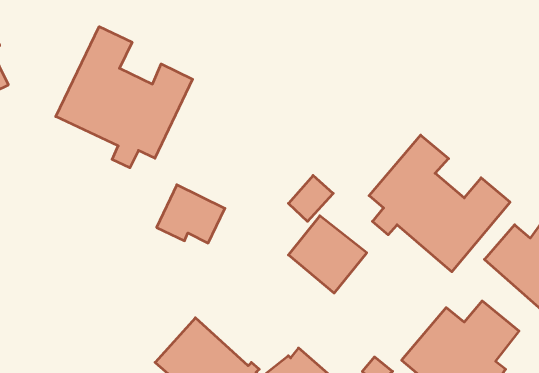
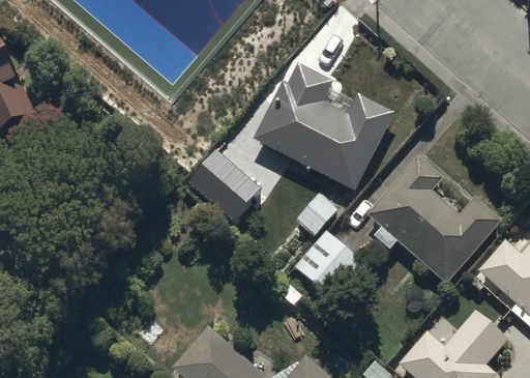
building: [56,27,193,168] -> none
building: none -> [254,62,394,193]
building: [157,185,225,243] -> [200,149,263,203]

